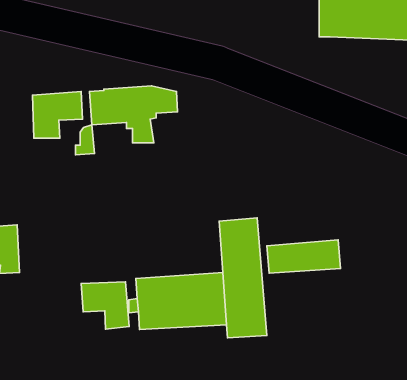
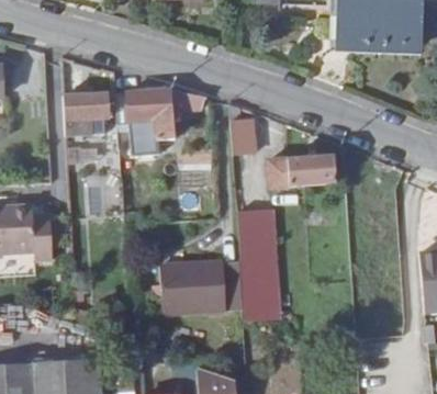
building: none -> [229,103,257,156]
building: [267,240,340,273] -> [267,155,335,185]
building: [81,282,129,329] -> none

